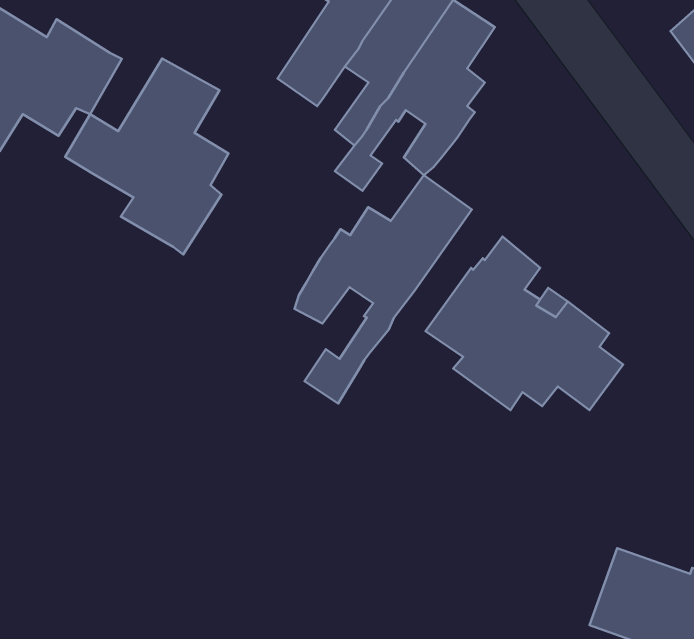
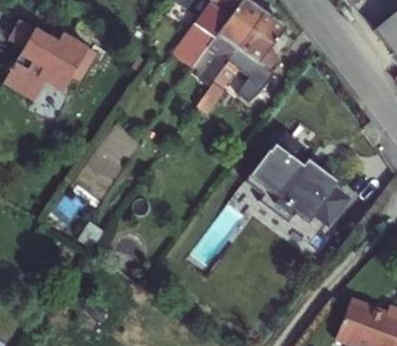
building: [65,59,229,254] -> none
building: [295,175,472,403] -> none

